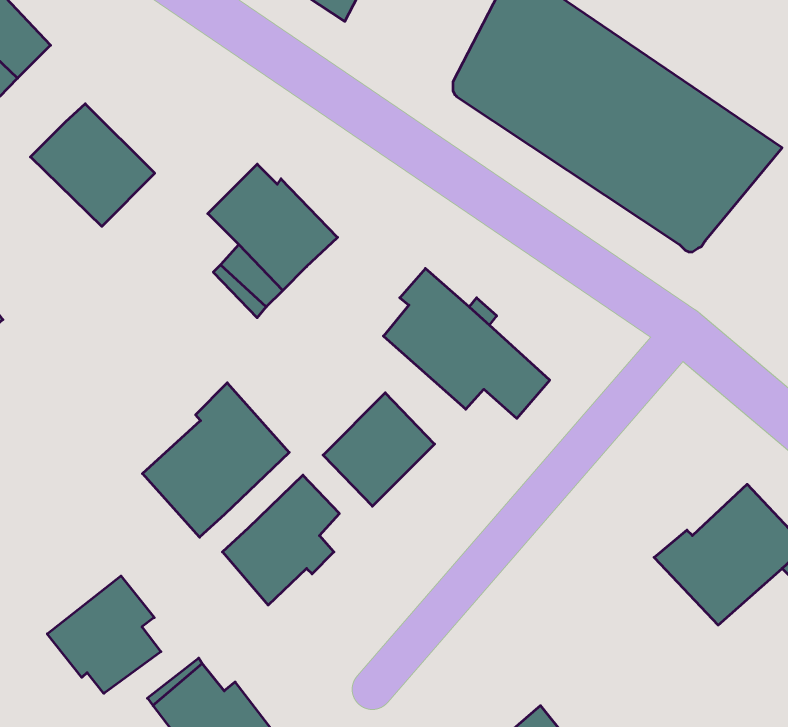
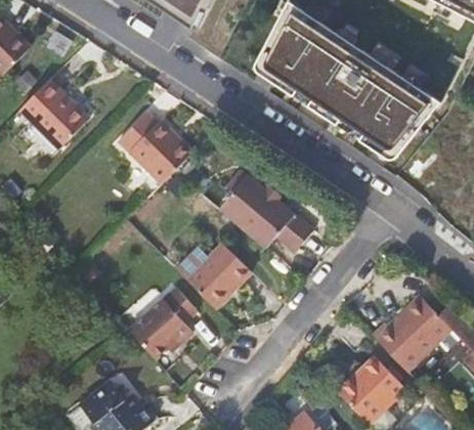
building: [142,383,289,537] -> none
building: [47,576,161,693] -> none
building: none -> [334,353,403,422]

